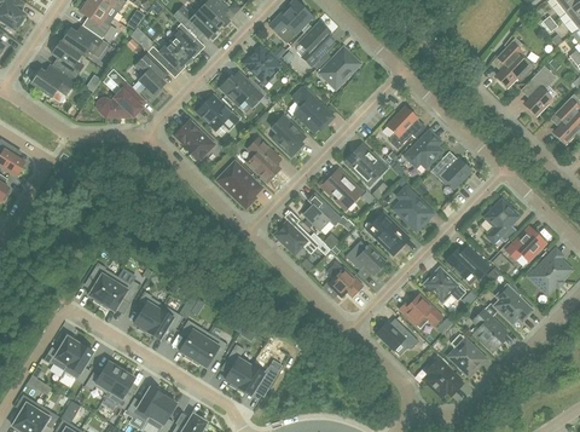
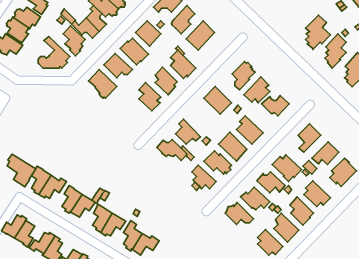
building: [217,162,260,205] -> none
building: [319,168,362,209] -> none
building: none -> [7,154,36,187]

